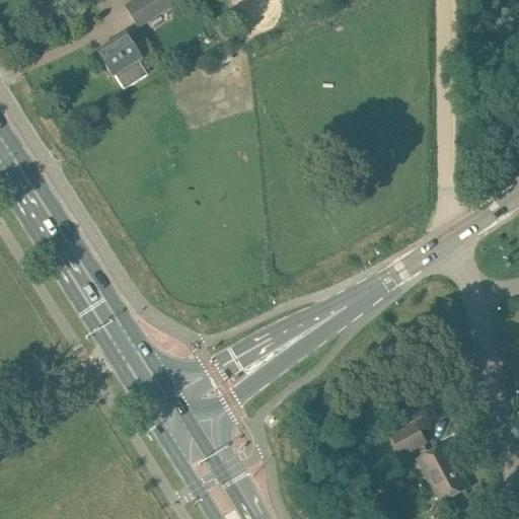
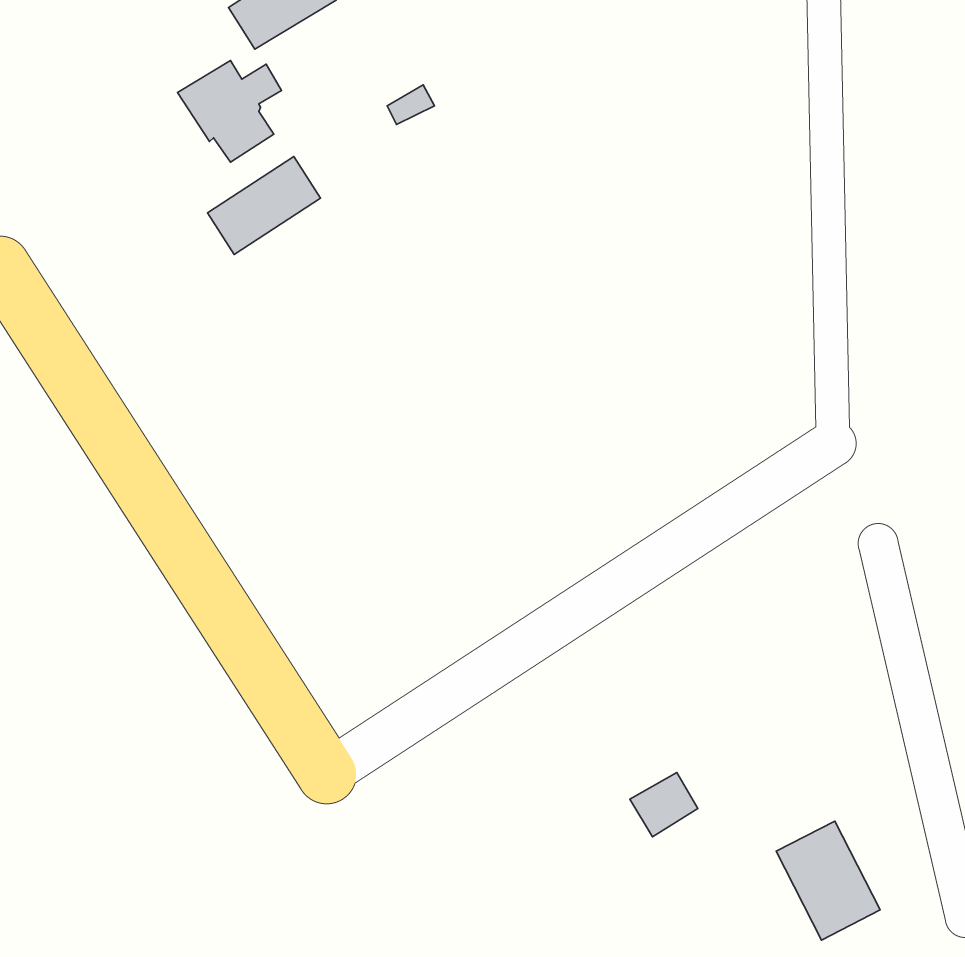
building: none -> [207,157,321,254]
building: [391,420,428,454] -> [630,773,698,837]

